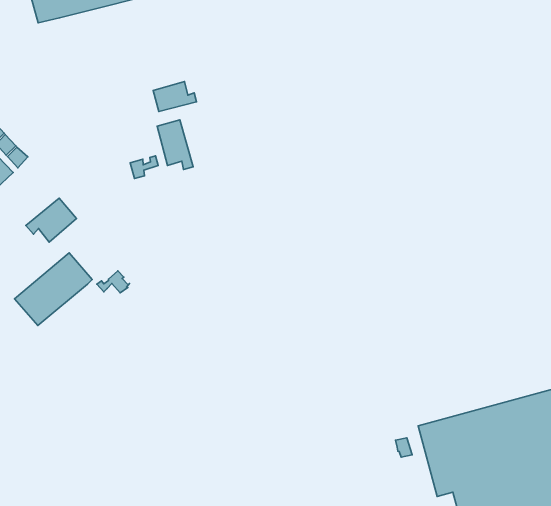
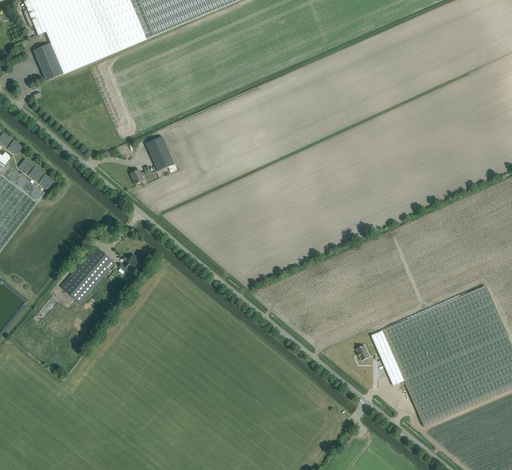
building: [153,82,197,111] -> none
building: [26,198,76,242] -> none

